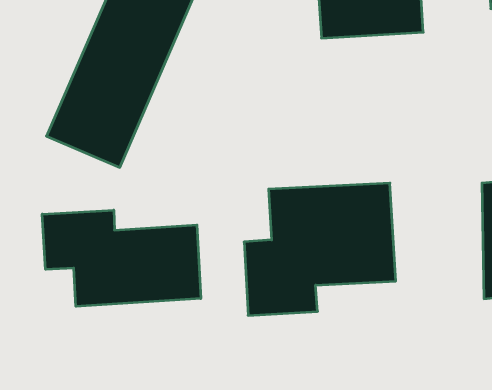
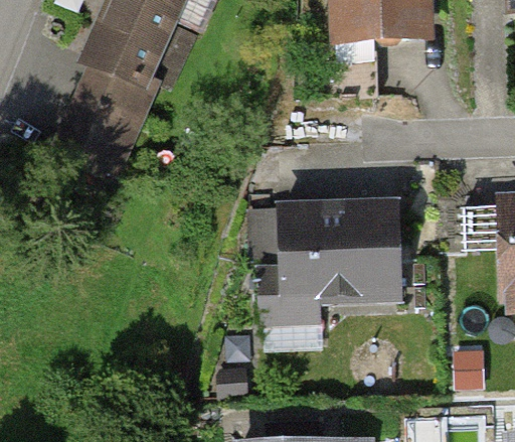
building: [42,210,201,306] -> none

